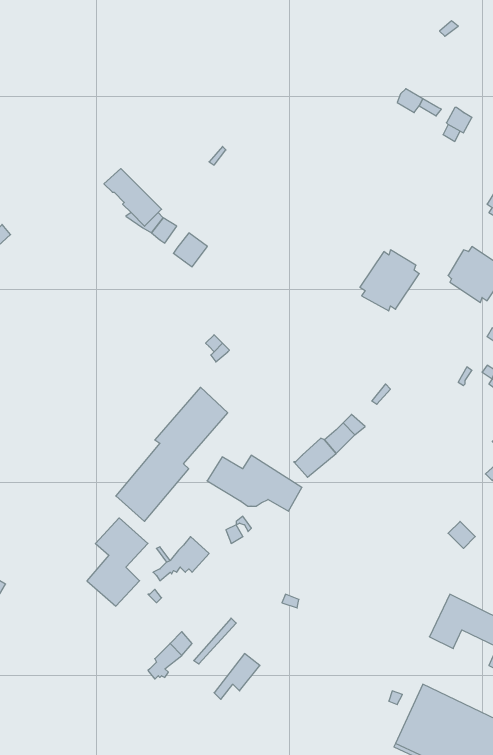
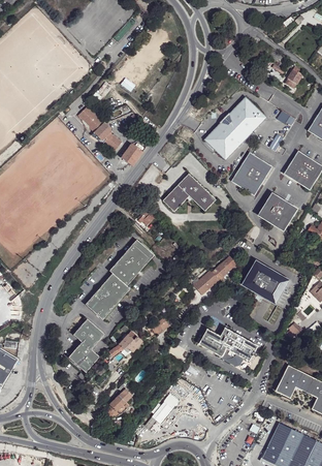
building: none -> [204,97,265,159]
building: none -> [161,174,215,212]
building: none -> [260,195,295,228]
building: none -> [240,259,288,302]
building: [207,455,302,511] -> [197,328,255,362]

